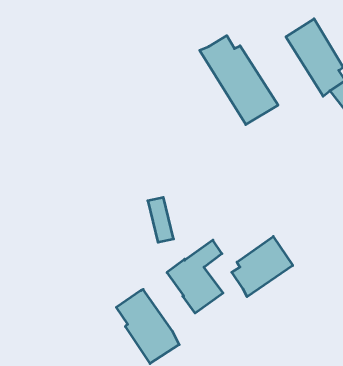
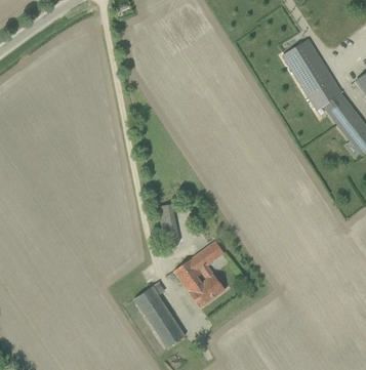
building: [200,36,278,125] -> none
building: [232,236,293,297] -> none

